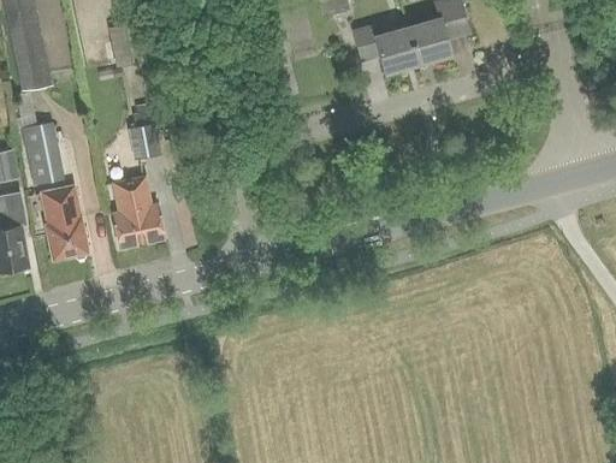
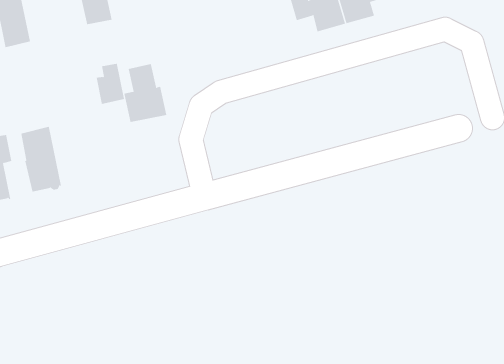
building: [23,120,64,184] -> none
building: [113,178,164,247] -> [124,64,167,122]

